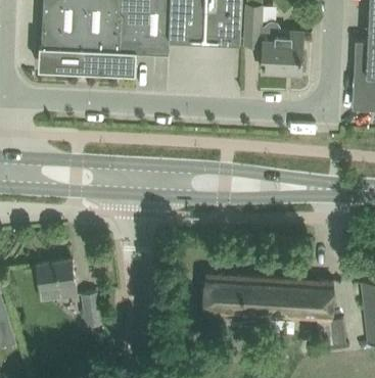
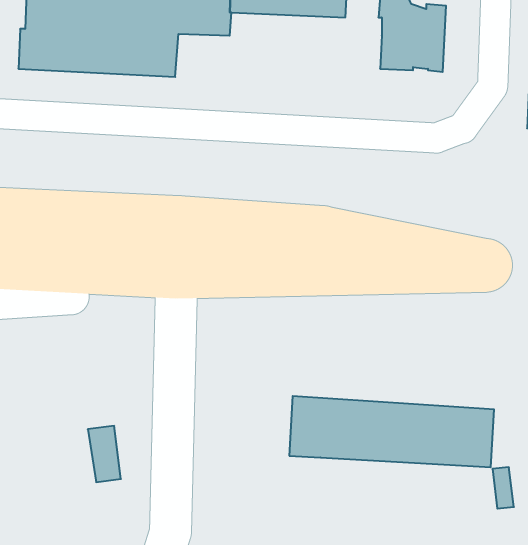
building: [36,261,78,300] -> none

